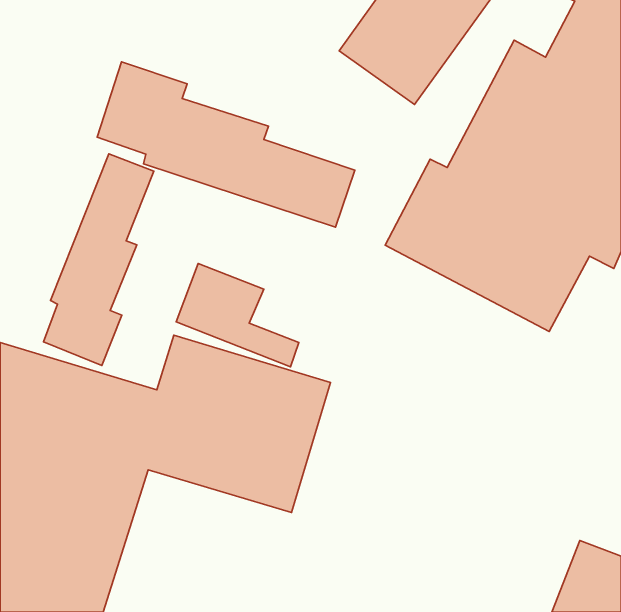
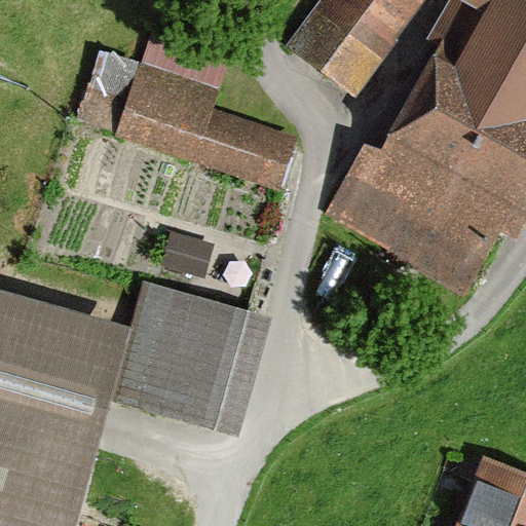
building: [43,154,154,365] -> none

